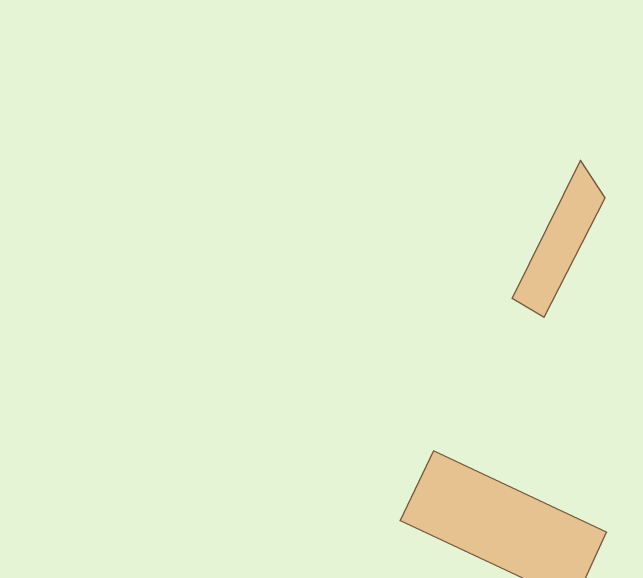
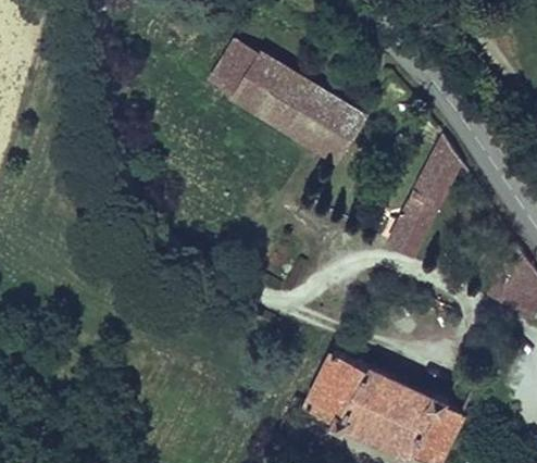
building: none -> [209,40,360,158]

